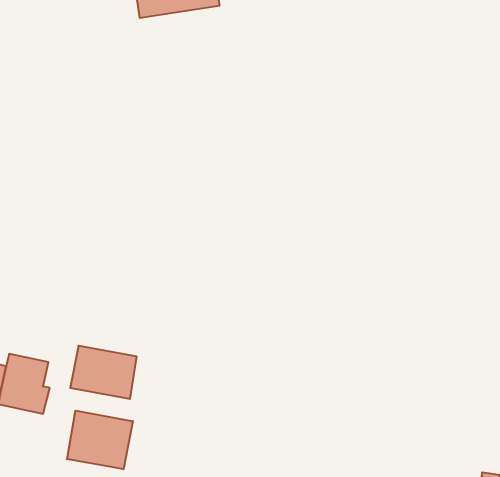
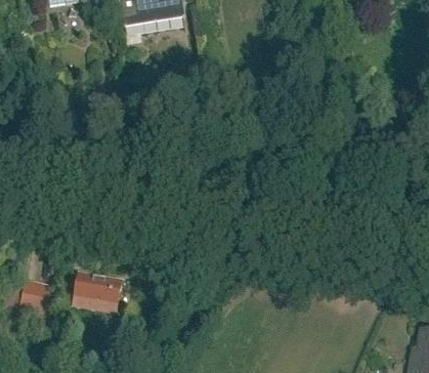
building: [67,411,133,469] -> none

